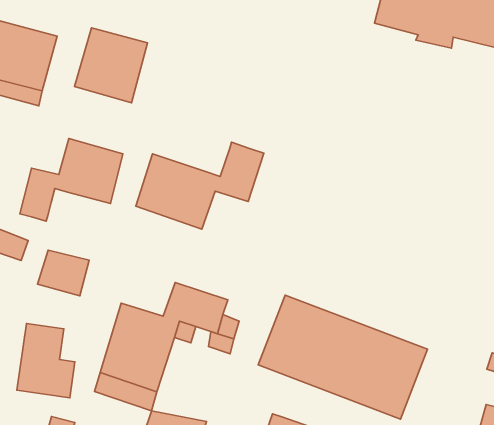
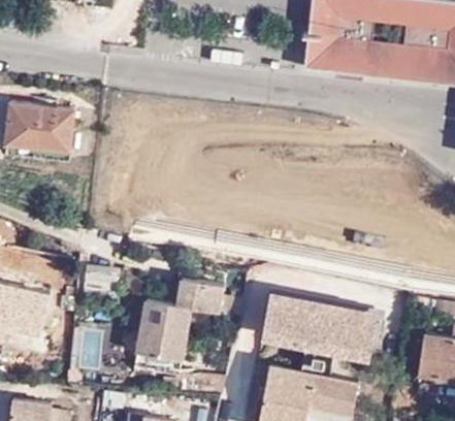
building: [75,28,148,103] -> none
building: [20,138,123,221] -> none
building: [136,142,264,229] -> none

